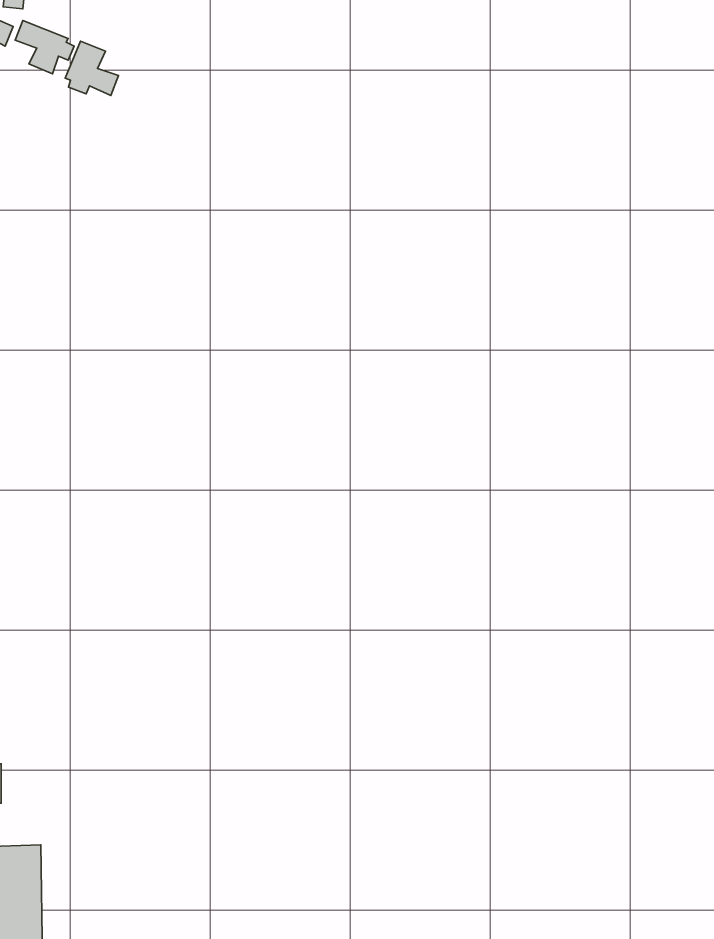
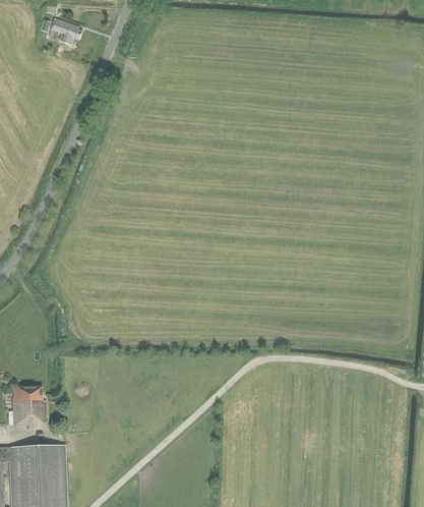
building: [65,41,118,95] -> none

